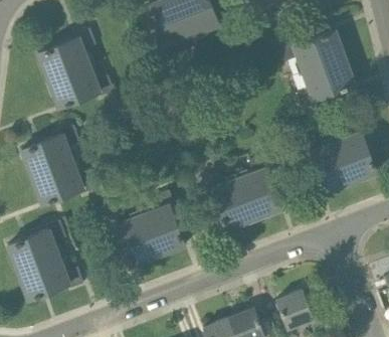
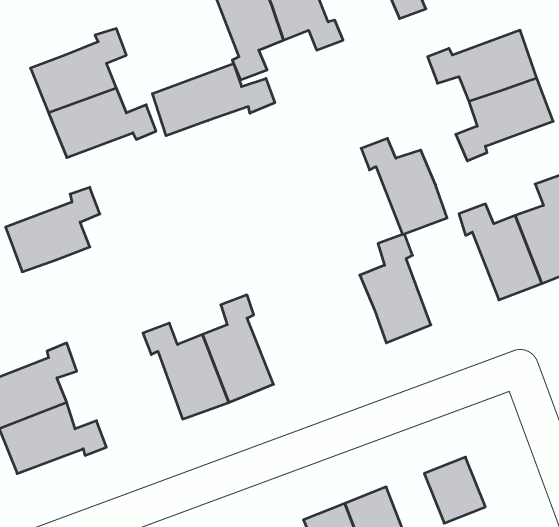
building: none -> [152,63,275,136]
building: [32,161,98,203] -> none
building: [201,171,253,229] -> [361,138,447,234]

